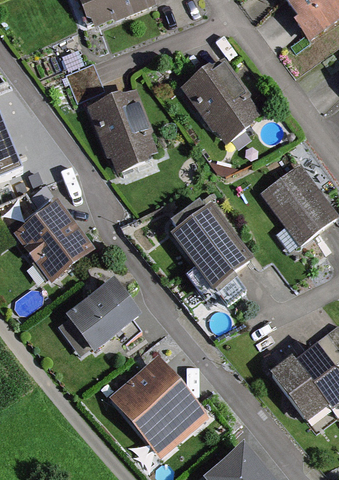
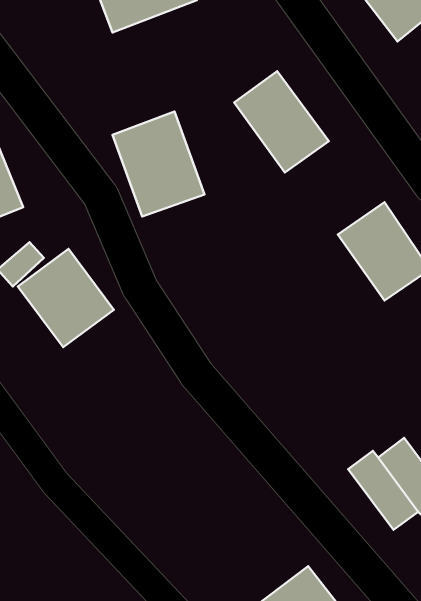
building: [172,198,253,286] -> none
building: [66,279,140,350] -> none
building: [112,357,207,454] -> none

